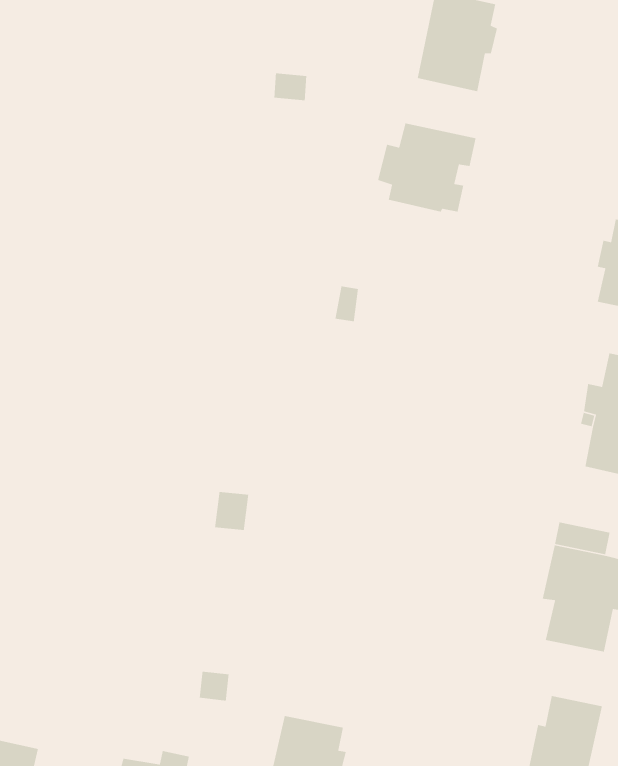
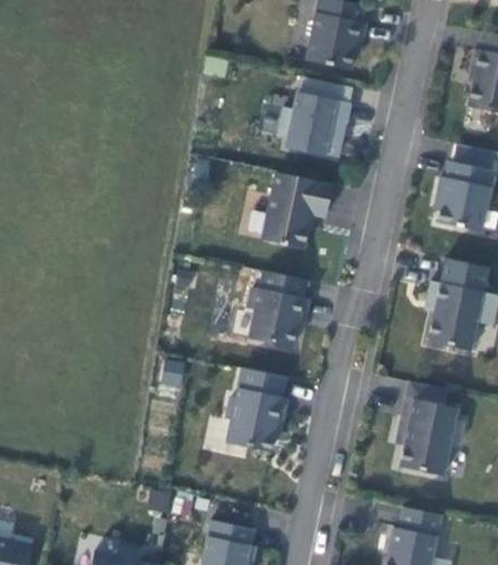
building: none -> [263,172,333,248]
building: none -> [248,270,309,348]
building: none -> [226,367,287,451]

